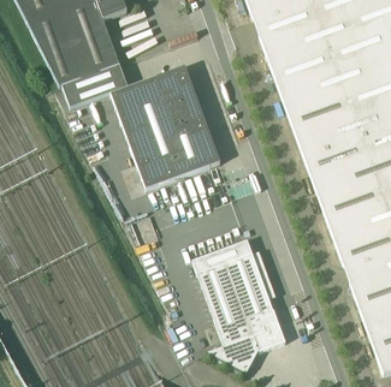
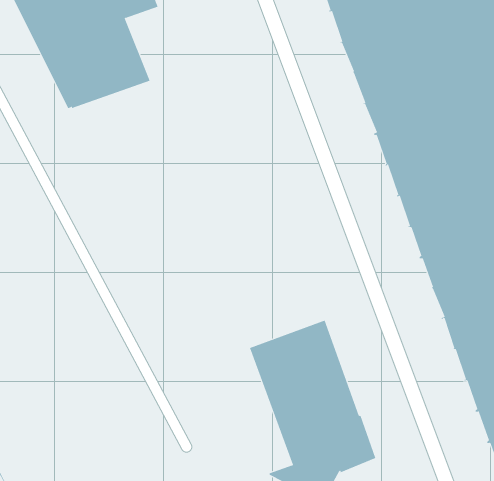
building: [61,64,219,187] -> none

